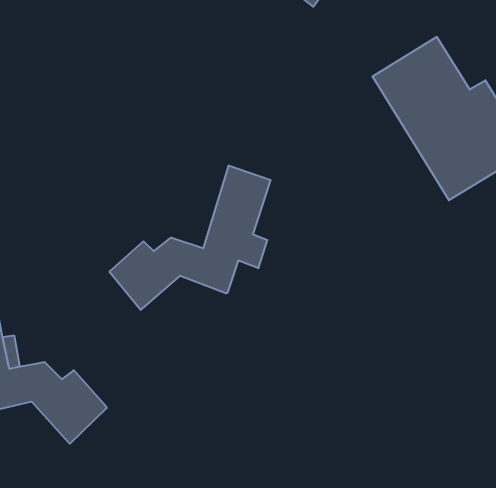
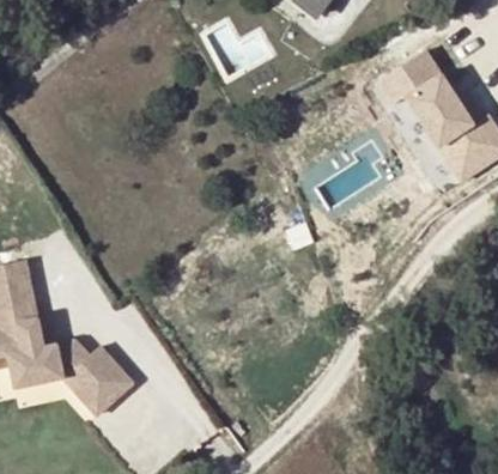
building: [110,165,271,310] -> none

